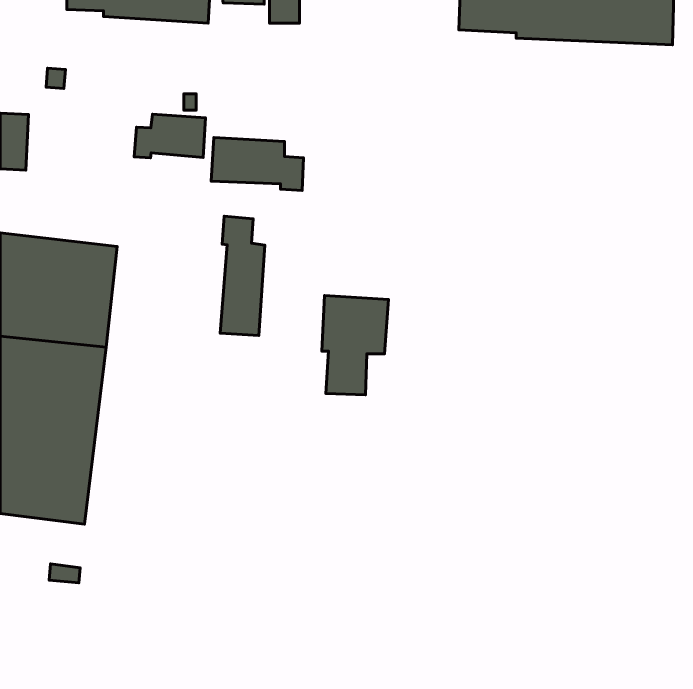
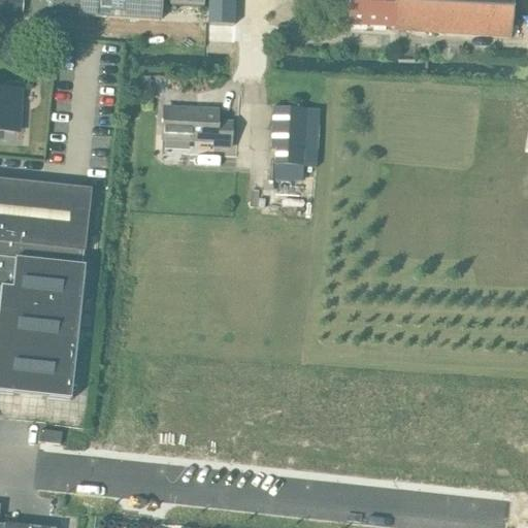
building: [134,114,206,158] -> none
building: [220,216,265,335] -> none
building: [322,295,389,395] -> [270,103,321,178]

